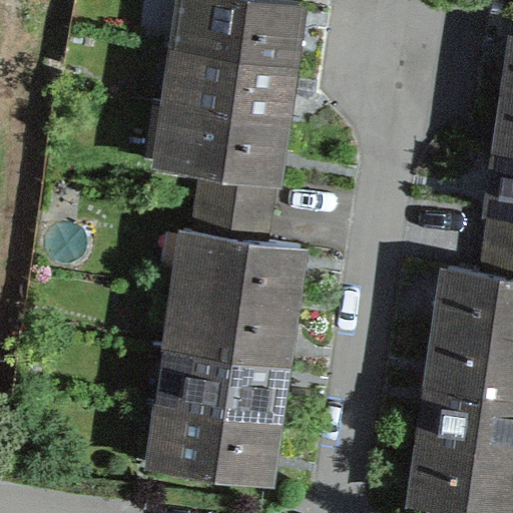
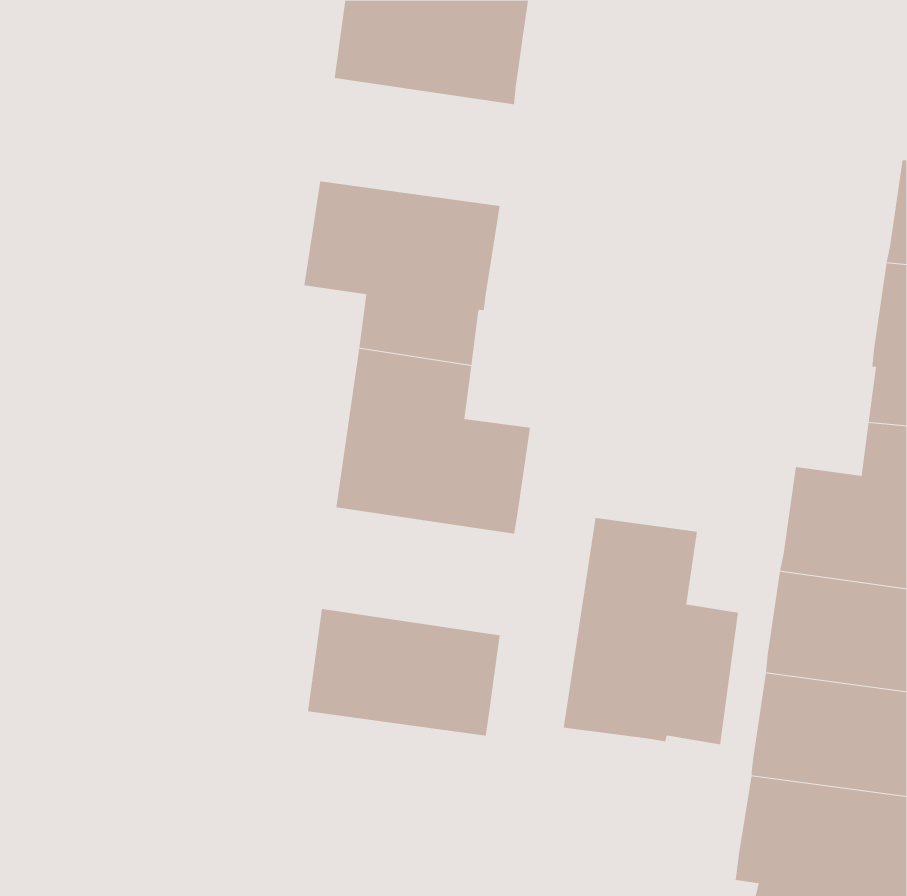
building: [180,50,291,122] -> none
building: [181,293,291,365] -> none
building: none -> [563,517,739,745]
building: [164,408,275,481] -> none

